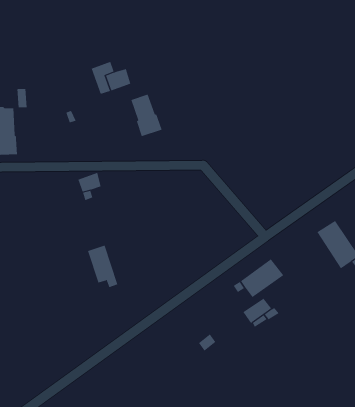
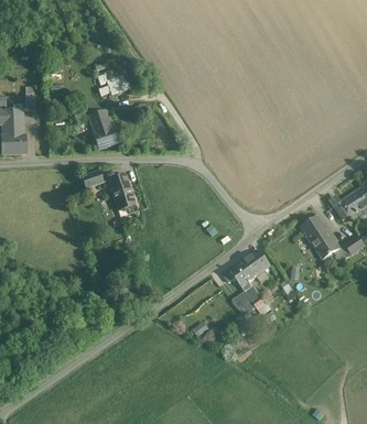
building: [130,94,163,137] -> [87,109,117,149]
building: [87,245,118,288] -> [108,174,137,214]

